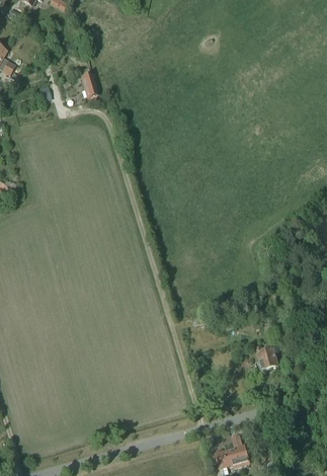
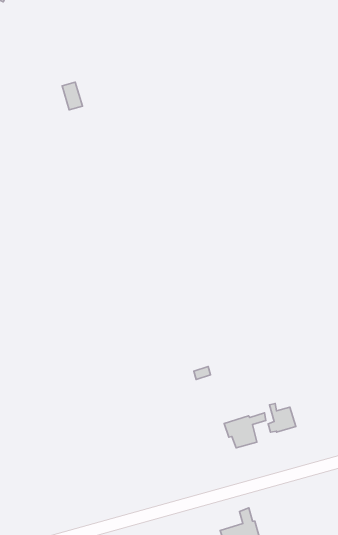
building: none -> [224,413,266,448]

